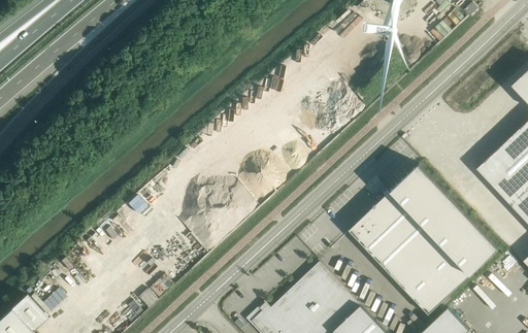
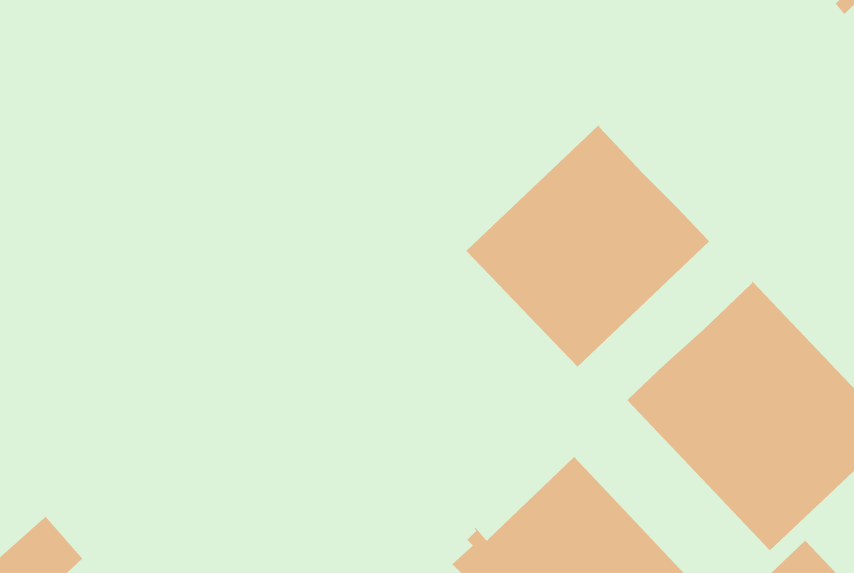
building: none -> [466,125,710,367]

